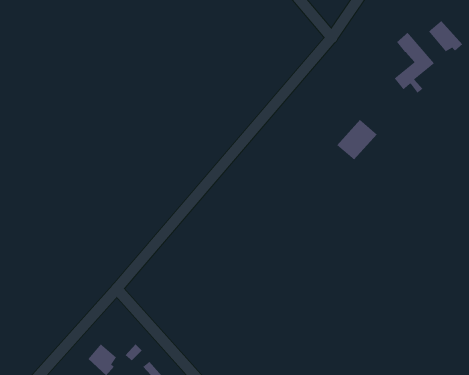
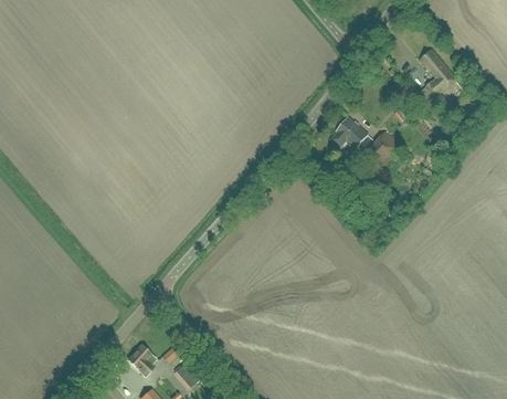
building: [428,20,463,52] -> none
building: none -> [330,116,369,148]

